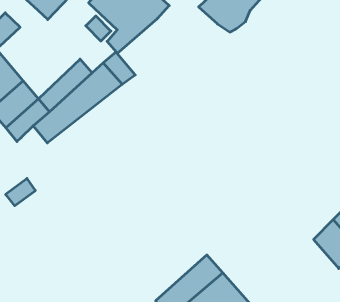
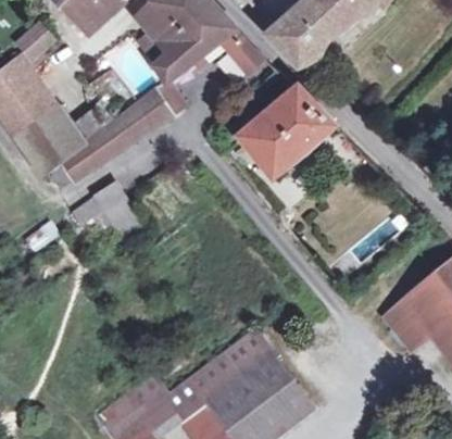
building: none -> [218,27,266,75]
building: none -> [242,86,335,175]
building: none -> [75,178,143,236]

